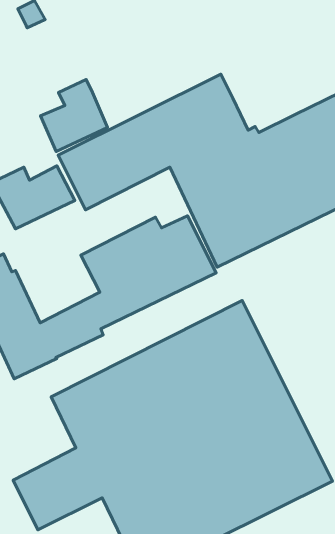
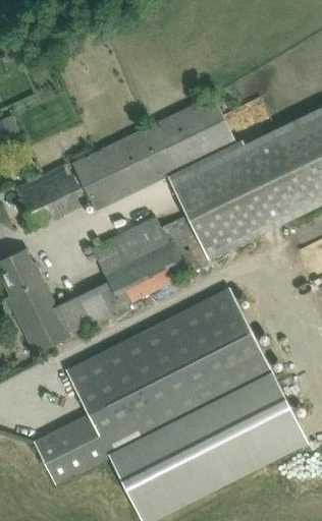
building: [41,80,107,152] -> none

